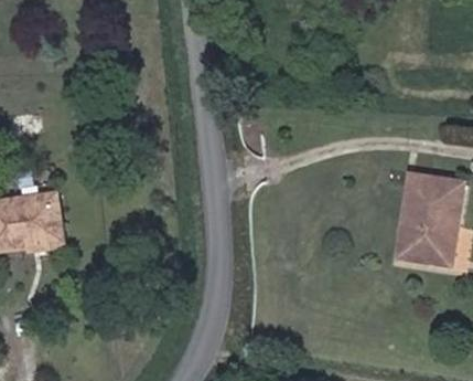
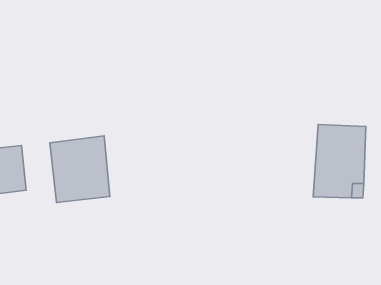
building: none -> [50,136,110,203]

